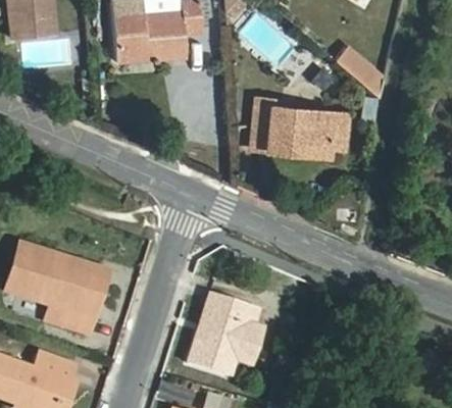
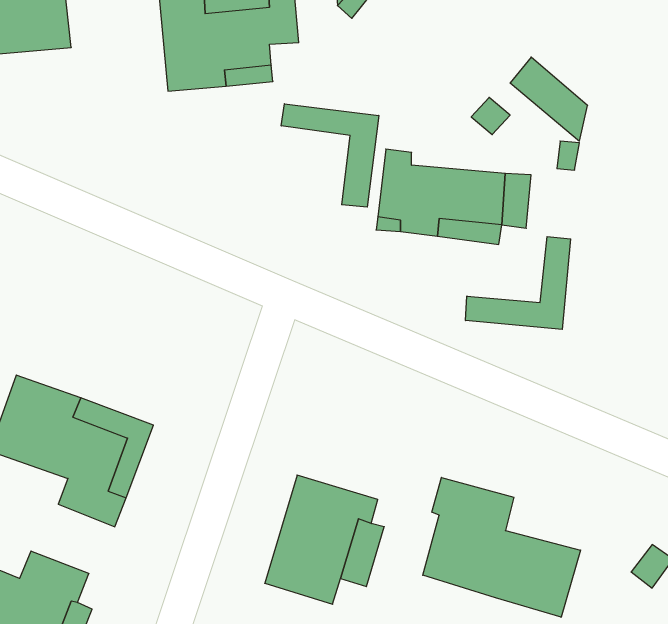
building: none -> [281,104,379,207]
building: none -> [466,237,571,329]
building: none -> [423,477,581,617]

